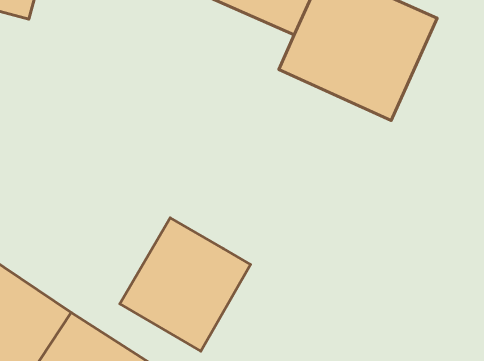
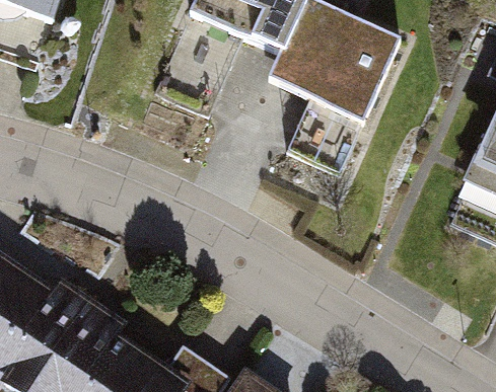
building: [120,218,250,351] -> none

